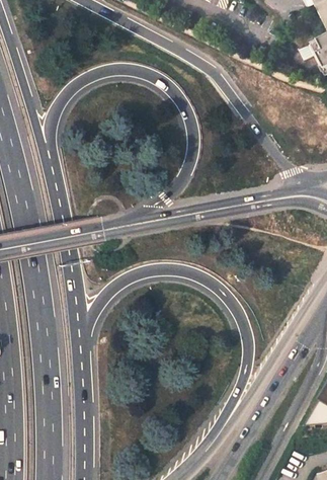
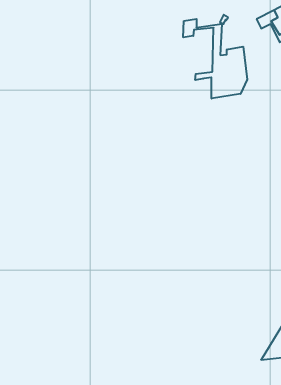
building: none -> [183,19,247,99]

